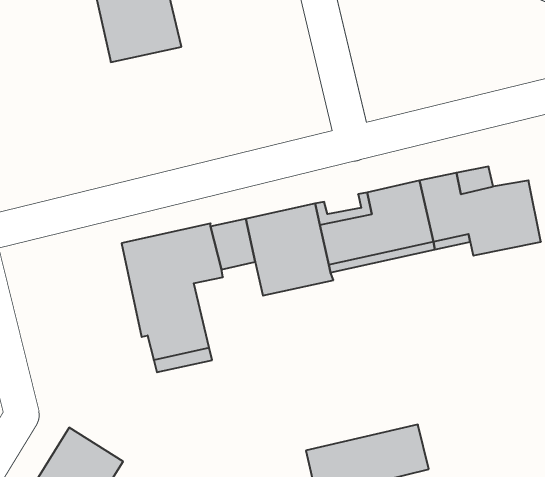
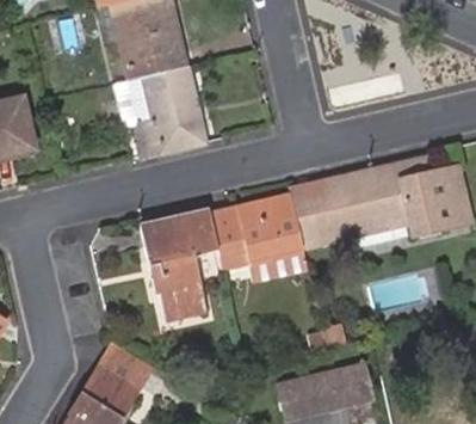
building: none -> [117,69,206,161]
building: none -> [99,345,155,393]

